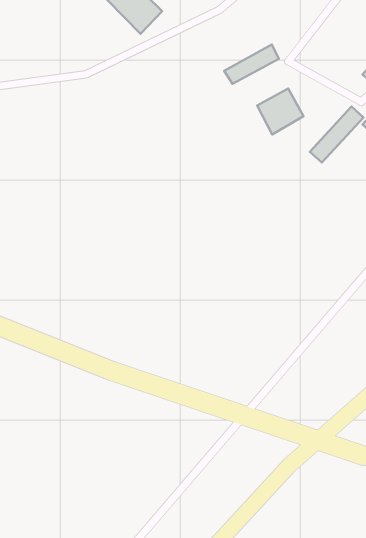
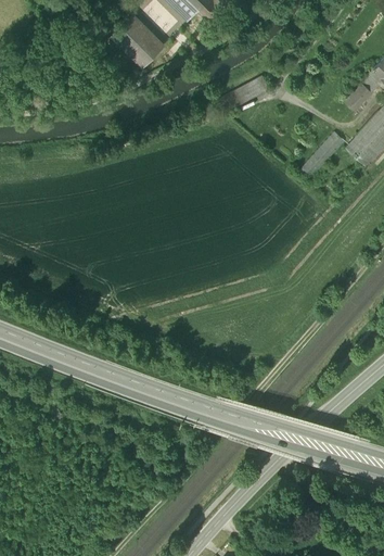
building: [257,88,304,135] -> none

